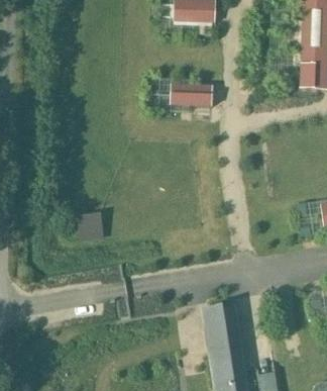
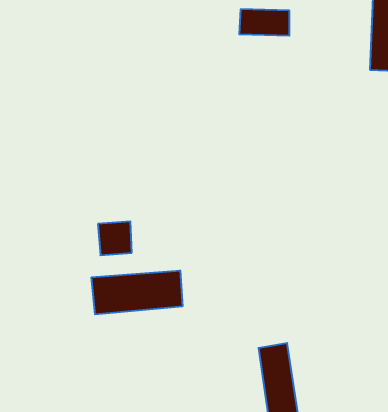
building: [170,84,210,105] -> [239,9,289,36]
building: none -> [92,270,182,314]

